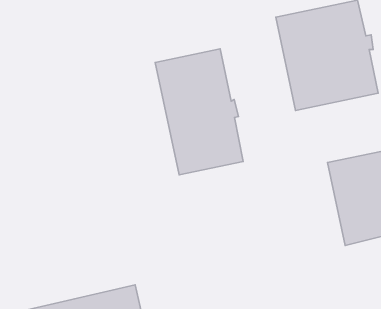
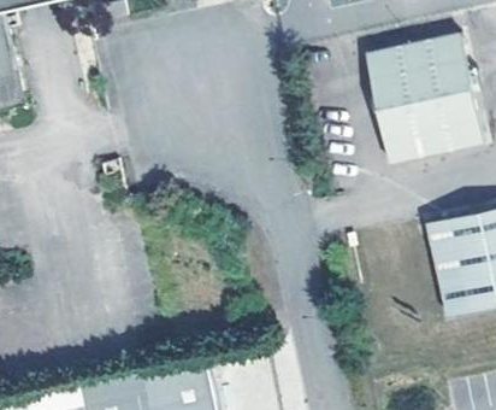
building: [155,49,243,175] -> none

